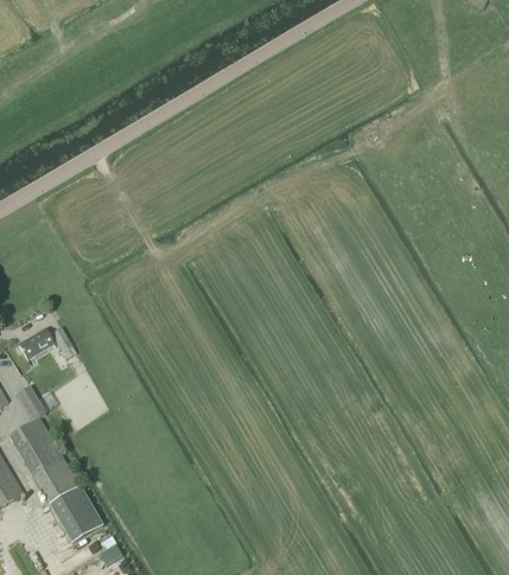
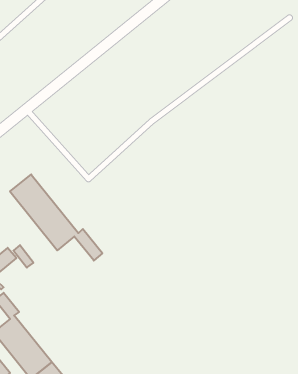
building: none -> [10,174,102,261]

